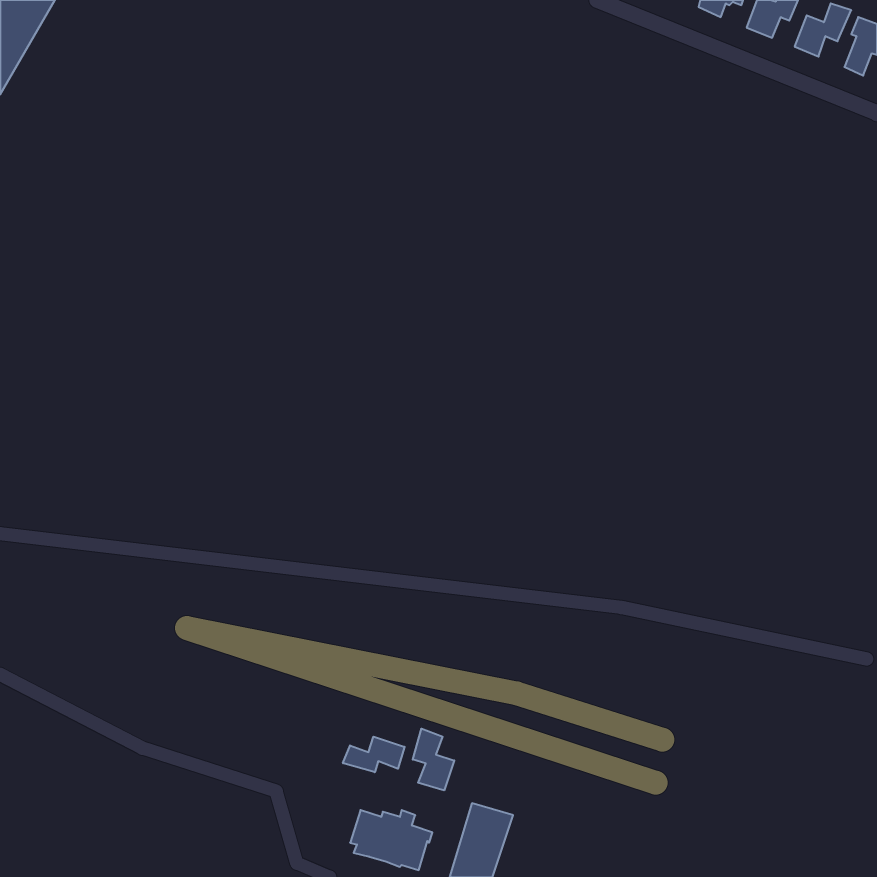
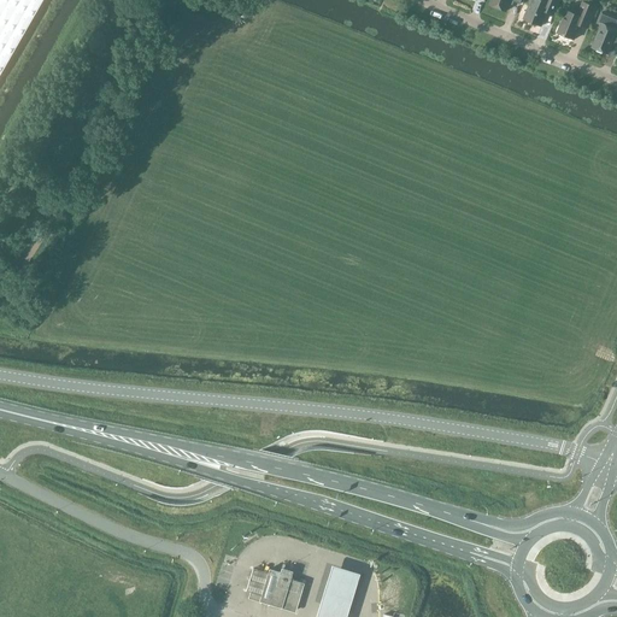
building: [413,729,454,790] -> none
building: [343,737,405,772] -> none

